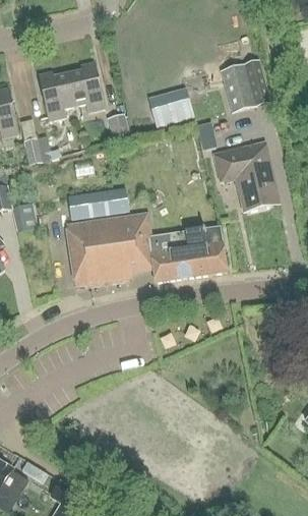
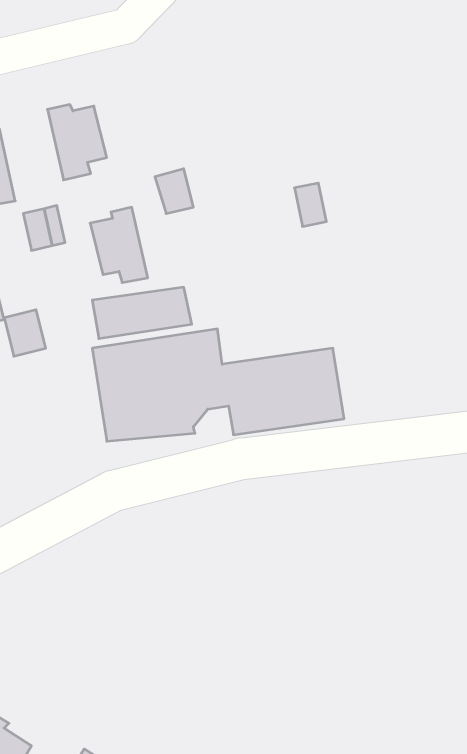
building: [220,60,269,110] -> none
building: [67,62,104,110] -> [90,207,148,283]
building: [145,87,191,125] -> none
building: [213,141,279,211] -> none

